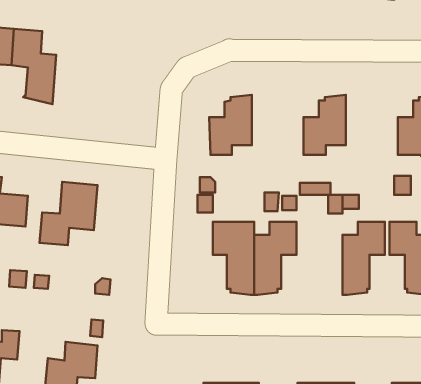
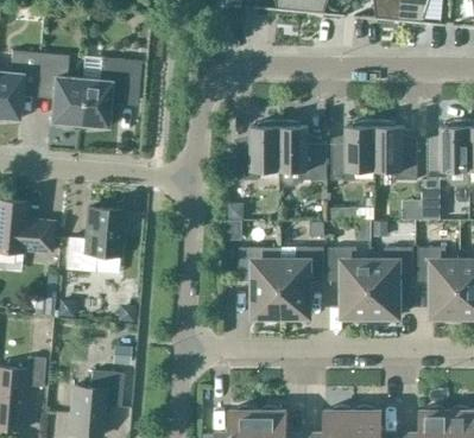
building: none -> [78,58,140,129]
building: none -> [279,120,327,185]
building: none -> [374,120,417,180]
building: none -> [329,248,371,322]

